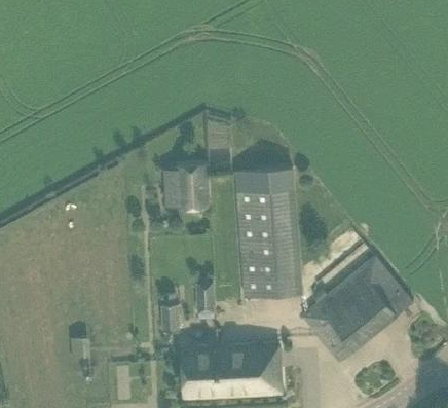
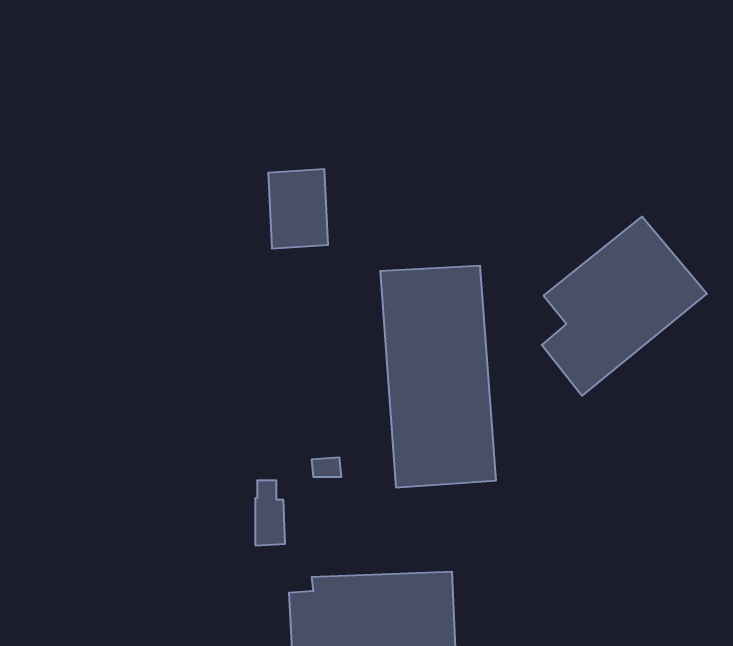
building: [173,163,208,210] -> [268,169,328,248]
building: [313,258,410,363] -> [542,217,707,396]

